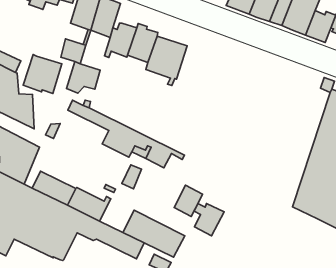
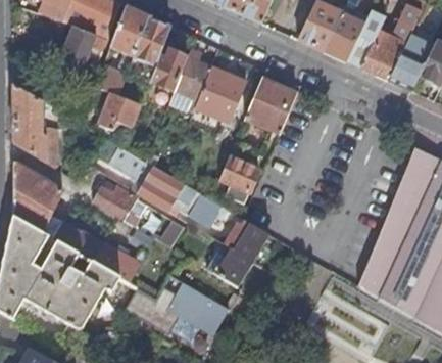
building: none -> [245,79,296,132]
building: [23,55,62,93] -> [59,26,107,74]
building: none -> [219,156,257,194]
building: none -> [92,185,138,224]
building: [194,203,224,236] -> [233,221,269,261]

